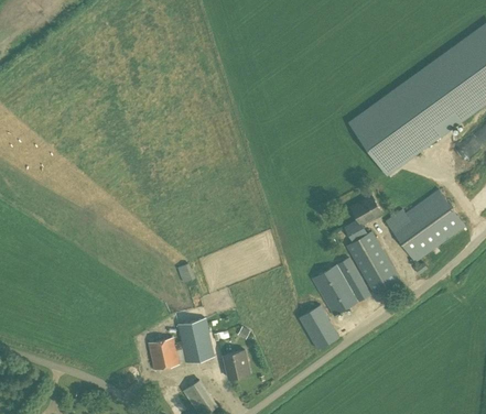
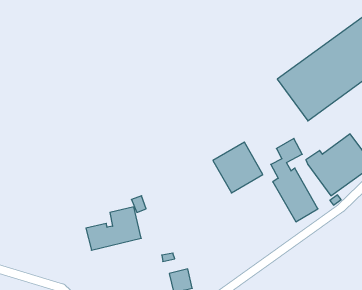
building: [311,257,370,317] -> [213,142,263,193]
building: [298,305,338,350] -> none
building: [148,318,214,370] -> [86,207,141,250]

